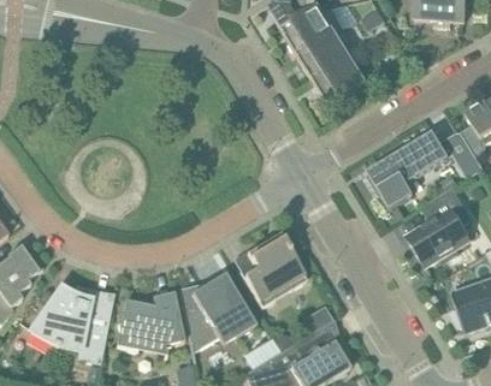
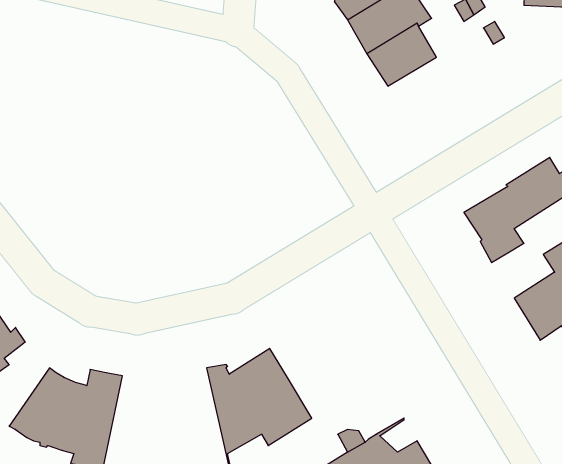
building: [312,57,363,103] -> none
building: [239,233,307,307] -> none
building: [116,292,184,351] -> none

